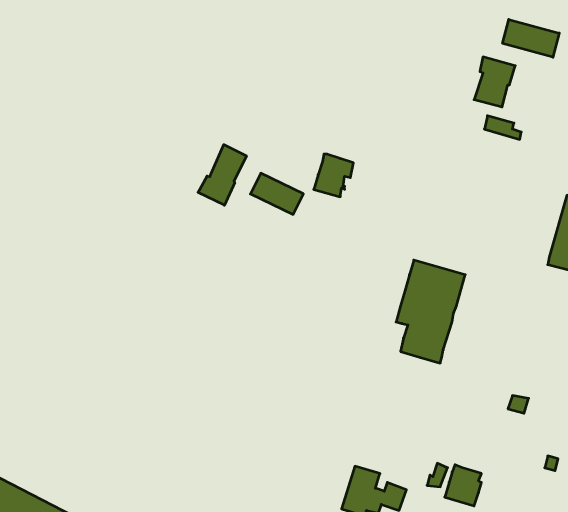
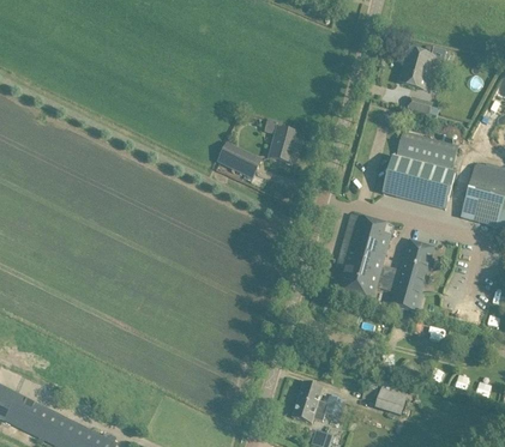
building: [503,19,559,57] -> none
building: [198,145,246,205] -> none
building: none -> [383,133,458,209]
building: none -> [392,246,432,310]

